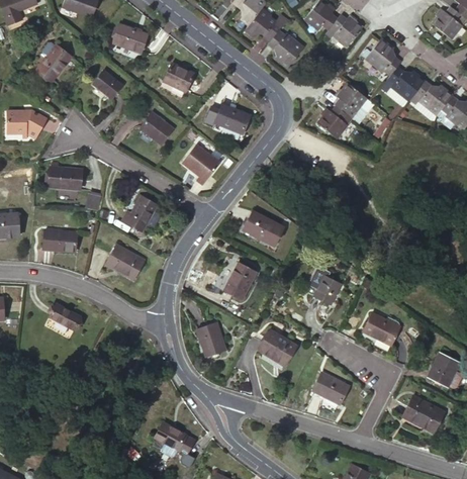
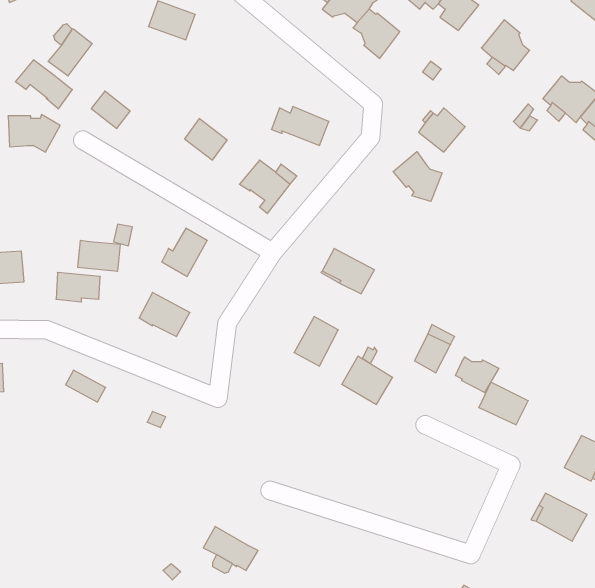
building: [164,63,194,92] -> none
building: [385,67,426,102] -> none
building: none -> [15,60,72,109]
building: [93,71,122,99] -> [91,91,130,128]
building: [336,84,368,119] -> none
building: none -> [393,152,442,201]
building: [50,167,82,190] -> [78,240,120,271]
building: none -> [456,357,499,393]
building: [197,322,225,358] -> none
building: [259,329,297,366] -> [342,356,393,404]
building: [312,373,349,404] -> none

